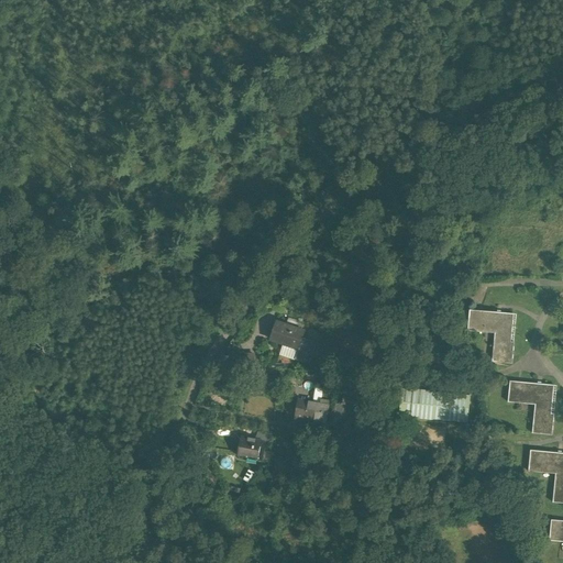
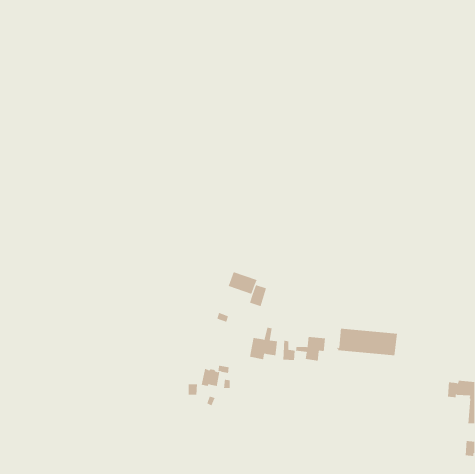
building: [468,310,514,363] -> none
building: [508,382,554,434] -> none
building: none -> [296,336,326,362]

